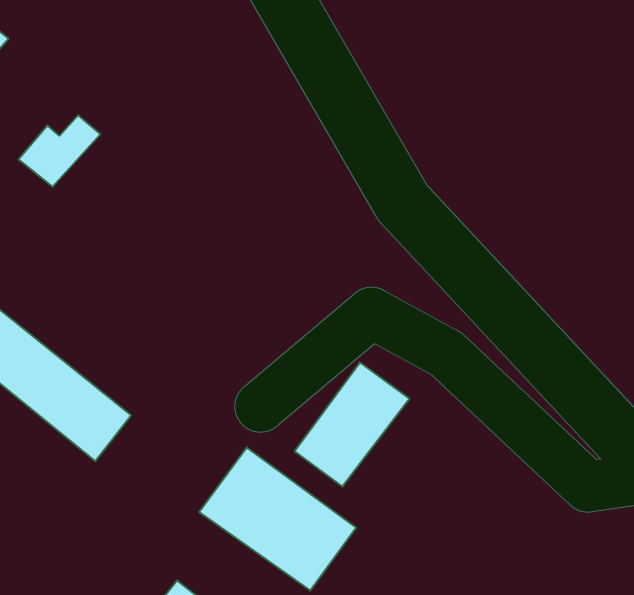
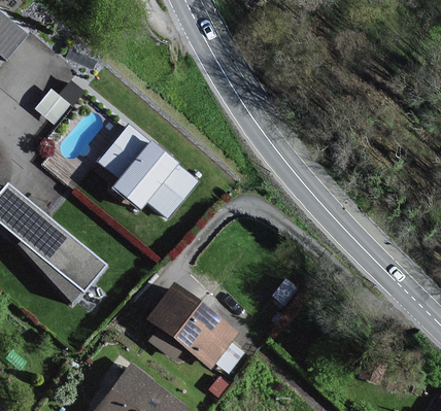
building: none -> [99,124,199,217]
building: [295,362,409,487] -> none

